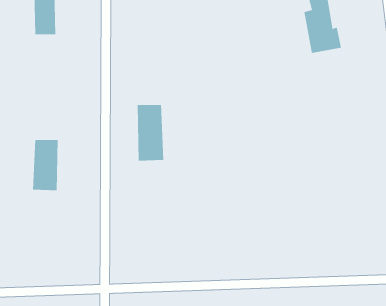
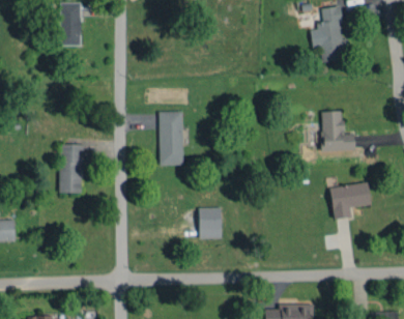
building: none -> [321,111,356,151]
building: none -> [330,182,373,221]
building: none -> [199,207,222,239]

